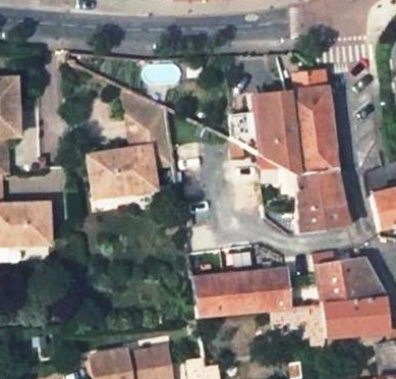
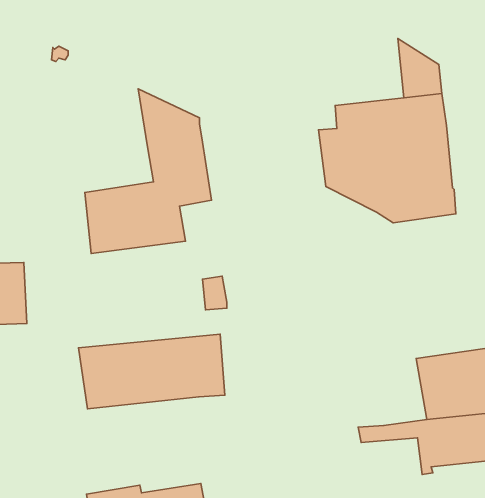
building: [284,167,352,233] -> none
building: [192,269,290,319] -> [78,334,225,409]

